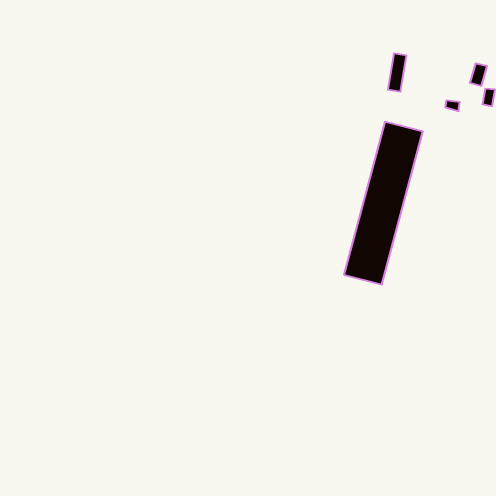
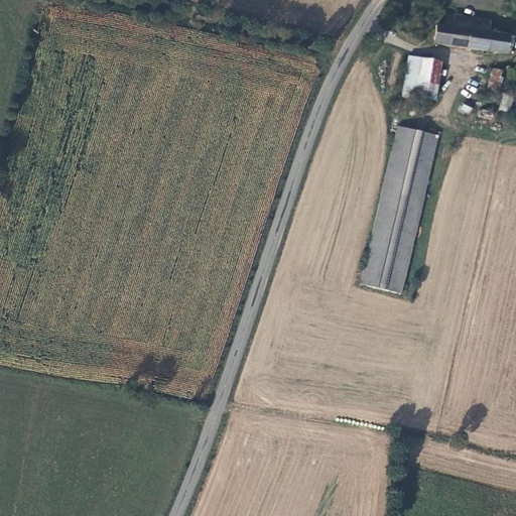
building: none -> [432,11,509,52]
building: none -> [416,57,441,98]

